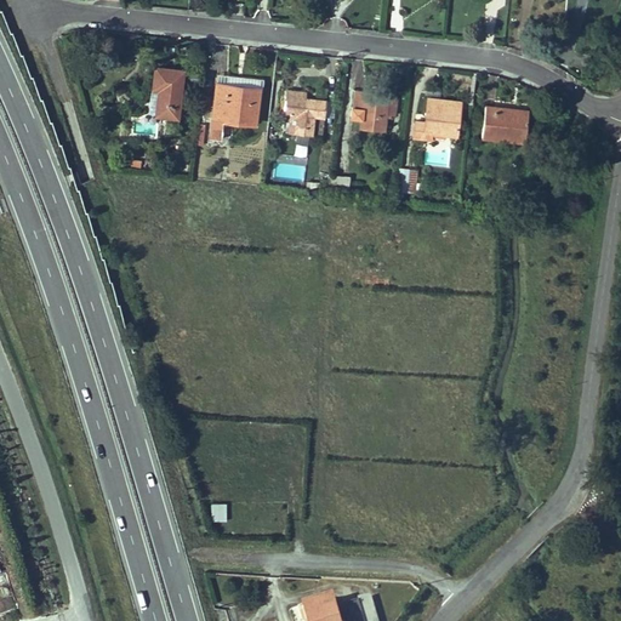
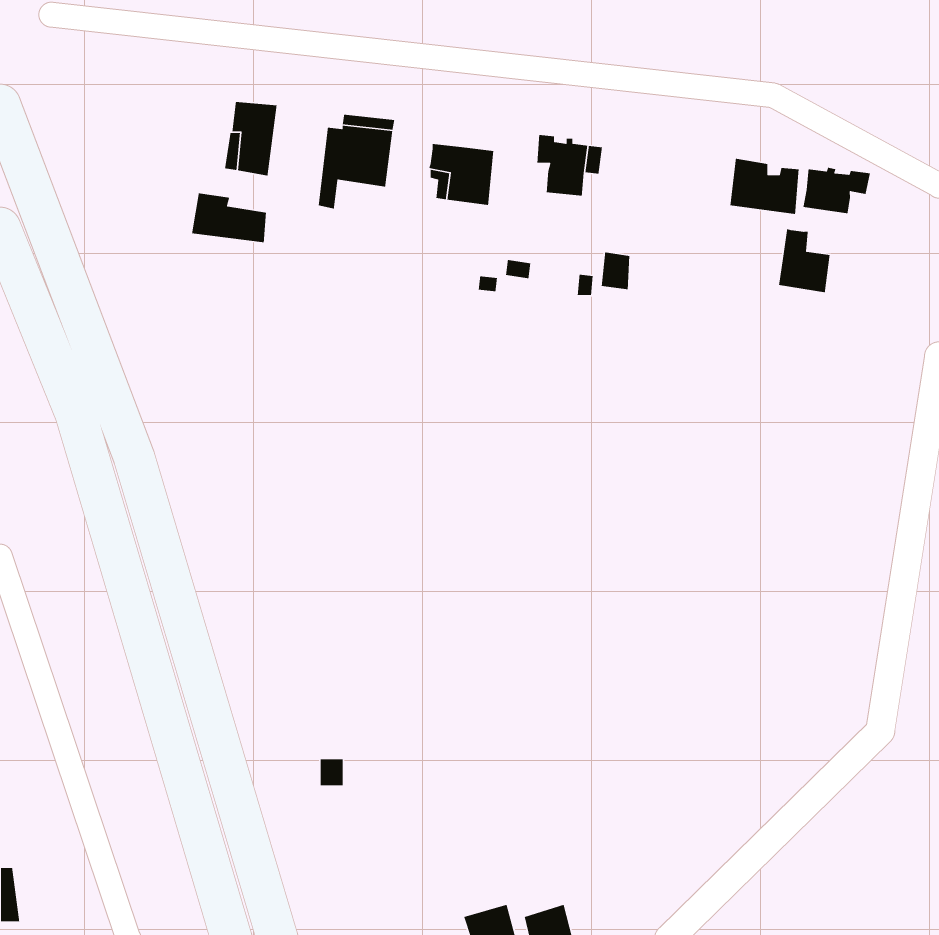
building: [414,99,460,139] -> none
building: none -> [803,167,871,214]
building: none -> [191,193,267,243]
building: none -> [778,228,831,293]

